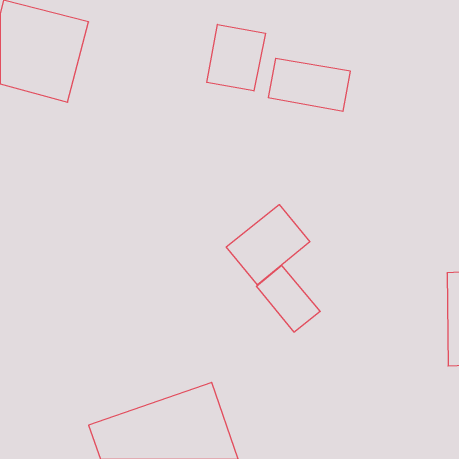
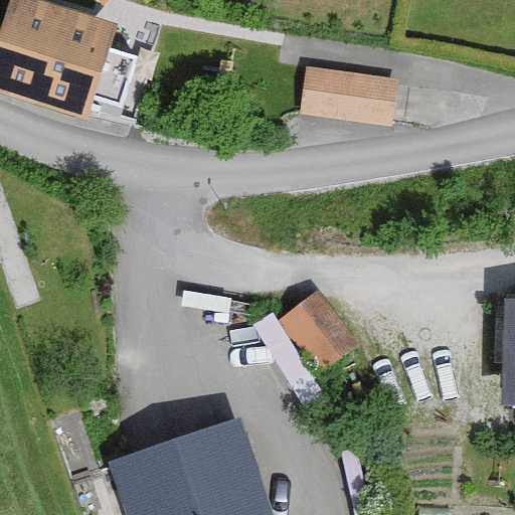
building: [207,24,265,91] -> none
building: [226,205,310,285] -> none

